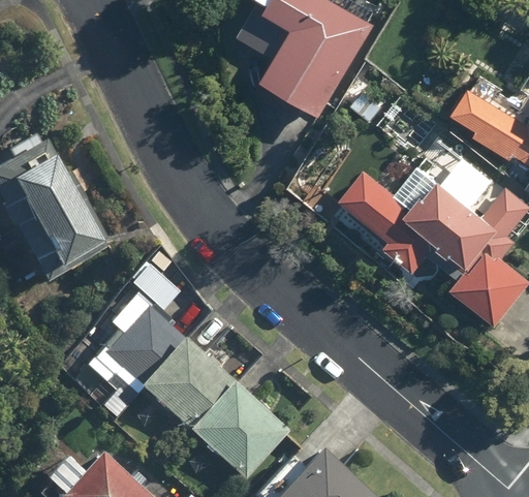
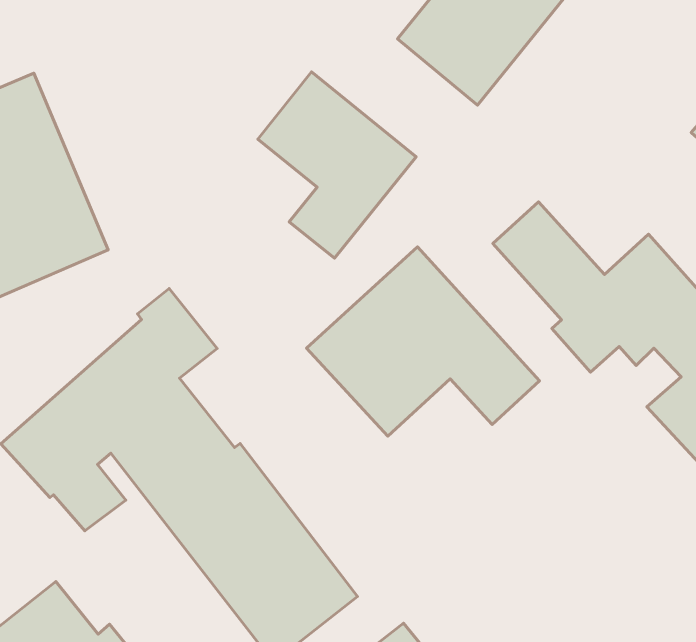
building: none -> [258,72,416,258]
building: none -> [306,247,540,436]

